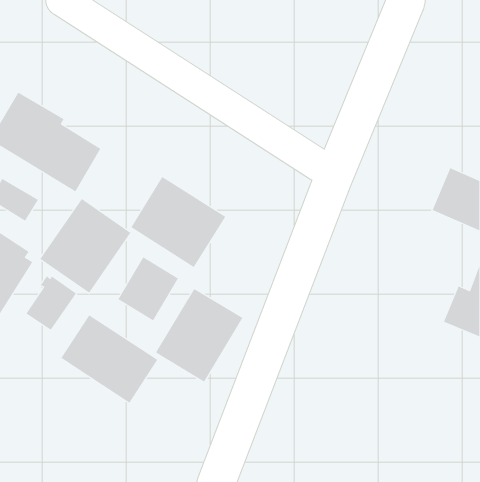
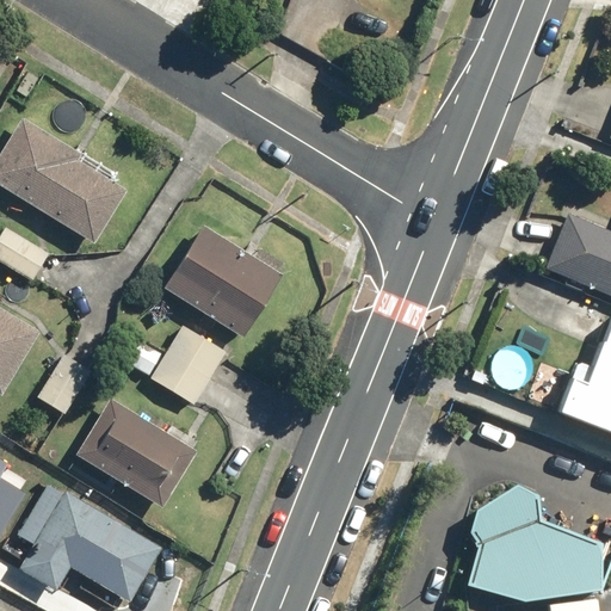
building: [39,198,131,294] -> none
building: [155,288,243,382] -> none
building: none -> [463,482,597,593]
building: none -> [16,486,162,604]

